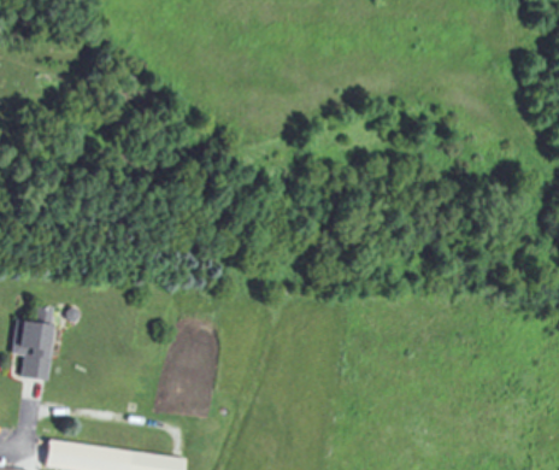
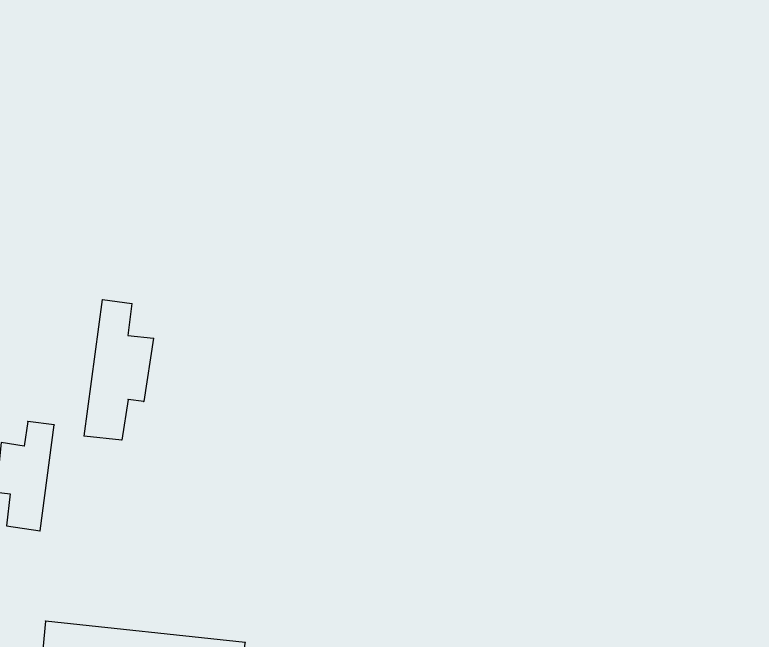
building: none -> [84,300,154,440]

